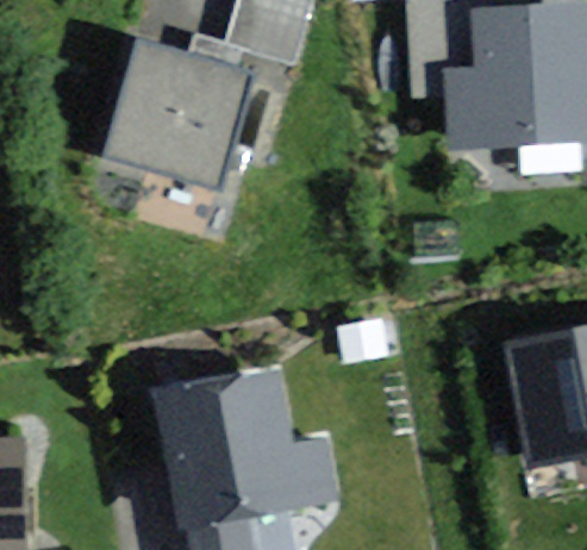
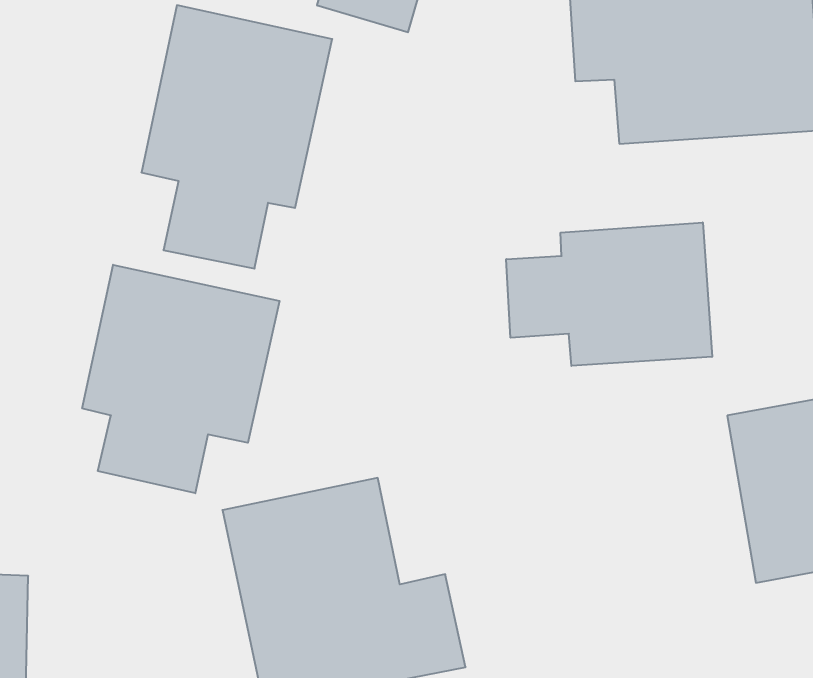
building: none -> [506,222,712,366]
building: none -> [82,265,280,493]

